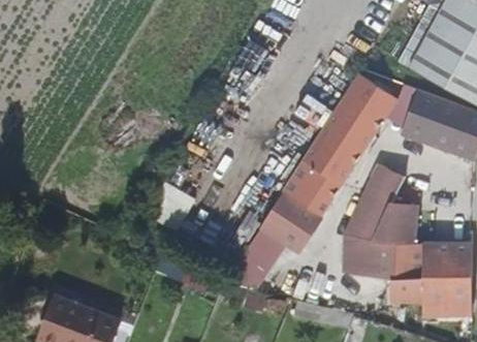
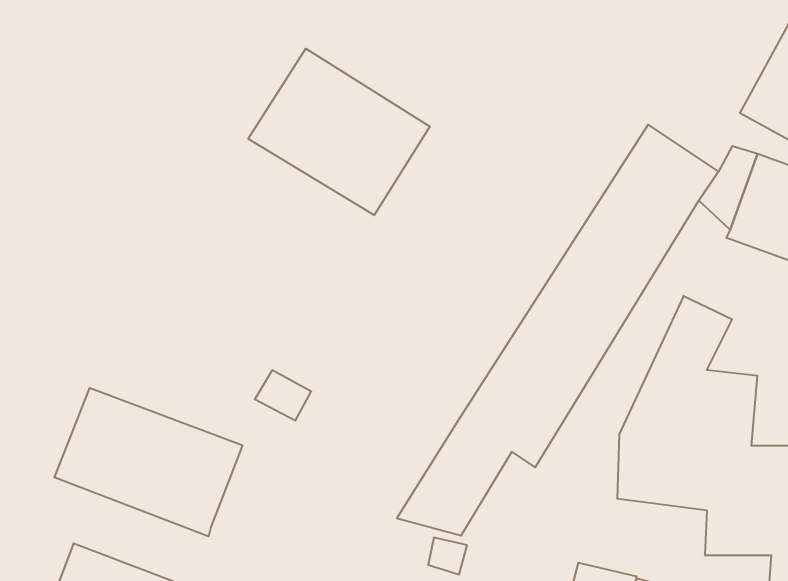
building: none -> [248,49,430,215]
building: none -> [54,388,242,536]

